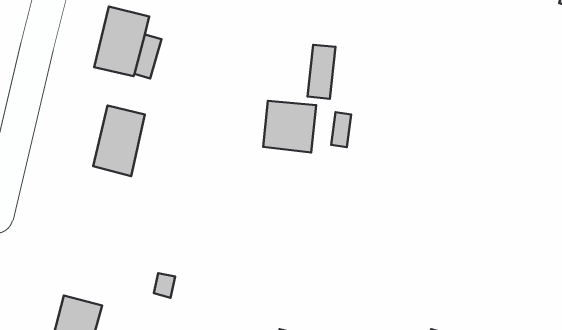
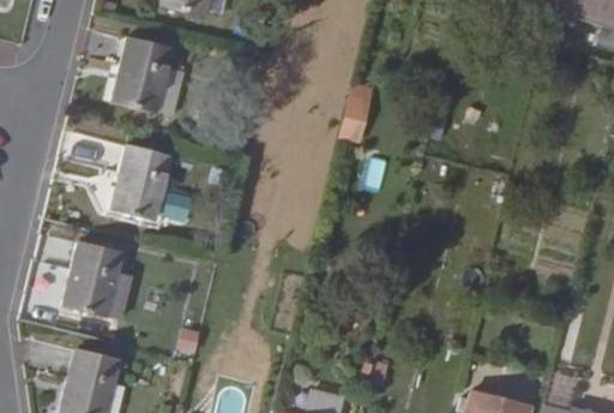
building: [263,101,316,152] -> none
building: none -> [64,241,122,315]

